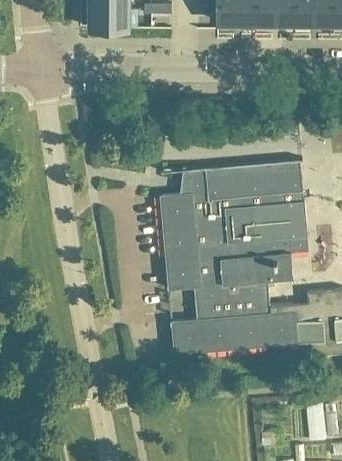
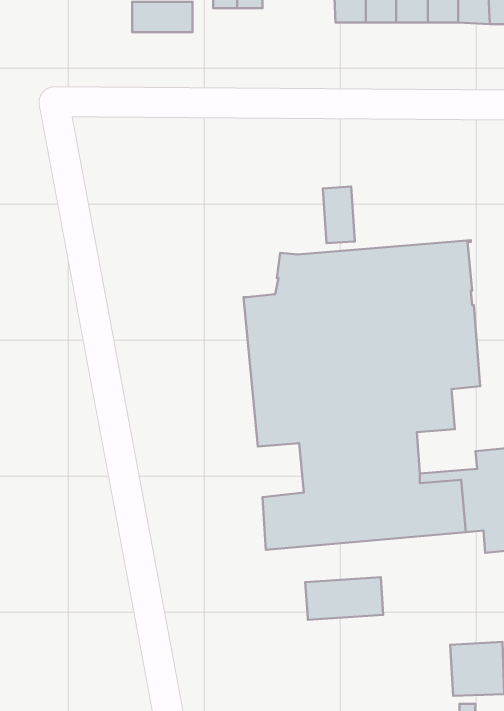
building: none -> [323,187,355,243]
building: none -> [305,577,383,620]

